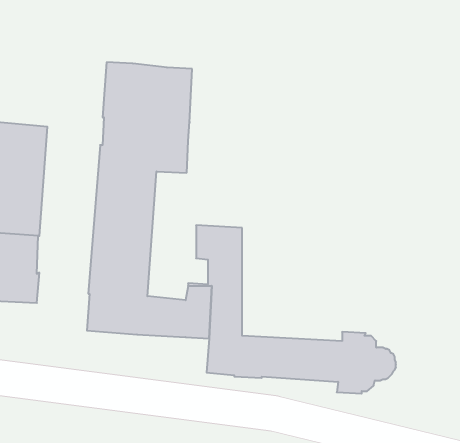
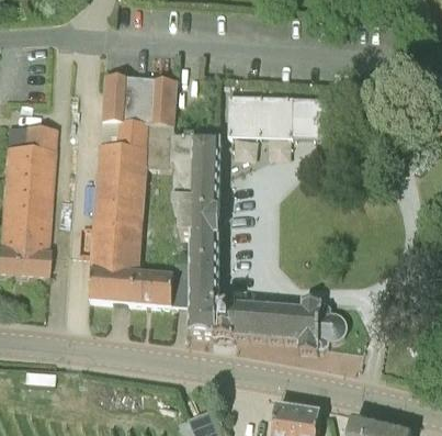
building: none -> [226,94,337,136]
building: none -> [171,139,219,212]

